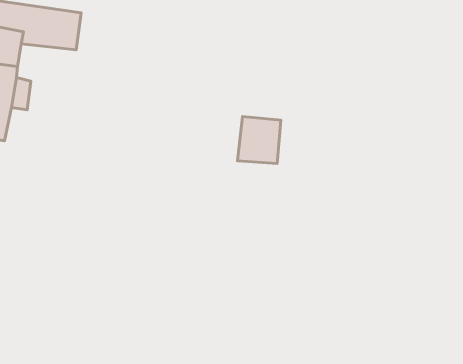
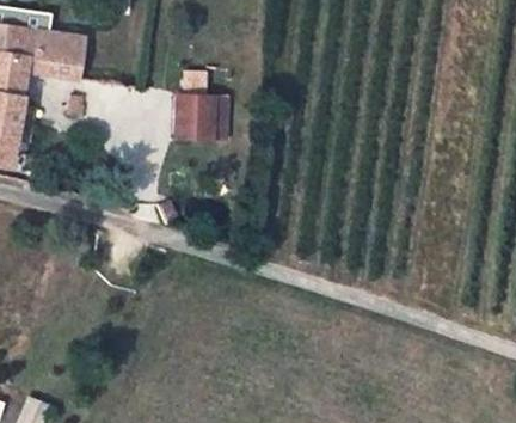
building: [238,117,281,163] -> [179,88,222,135]

